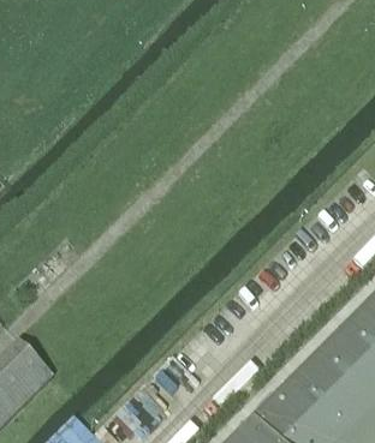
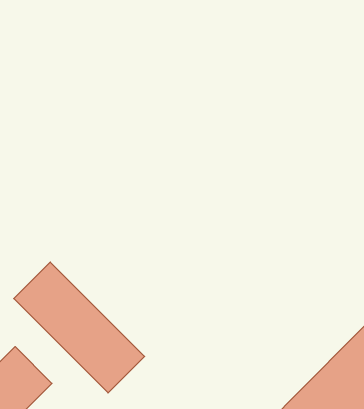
building: none -> [14,262,145,393]

